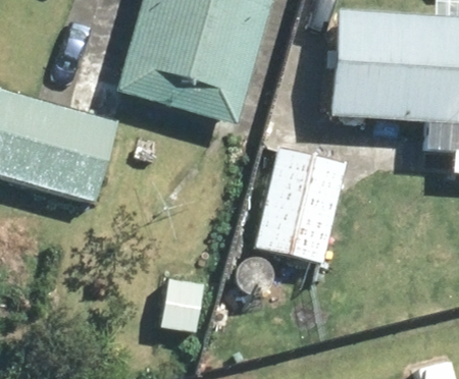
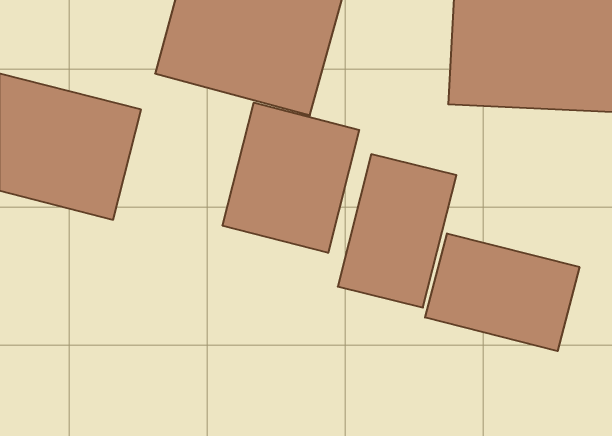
building: none -> [223,103,359,253]
building: none -> [425,233,579,351]

